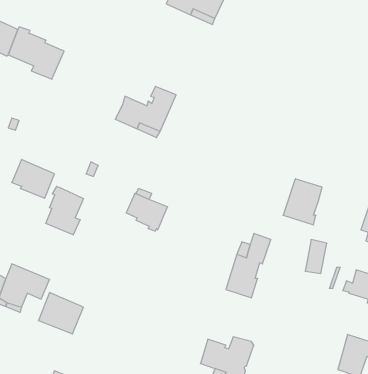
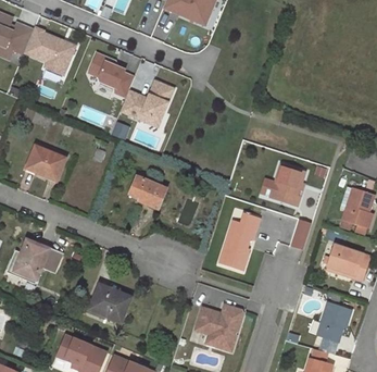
building: none -> [88,53,134,97]
building: [46,186,83,235] -> none
building: [38,293,83,334] -> [90,284,130,321]

